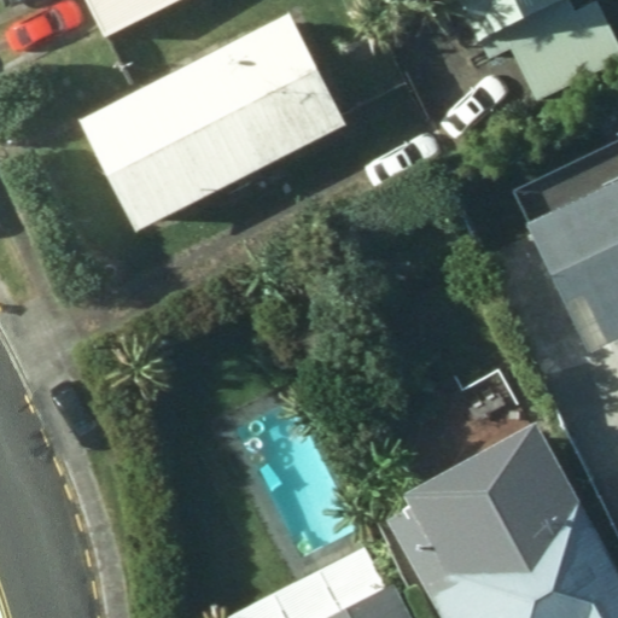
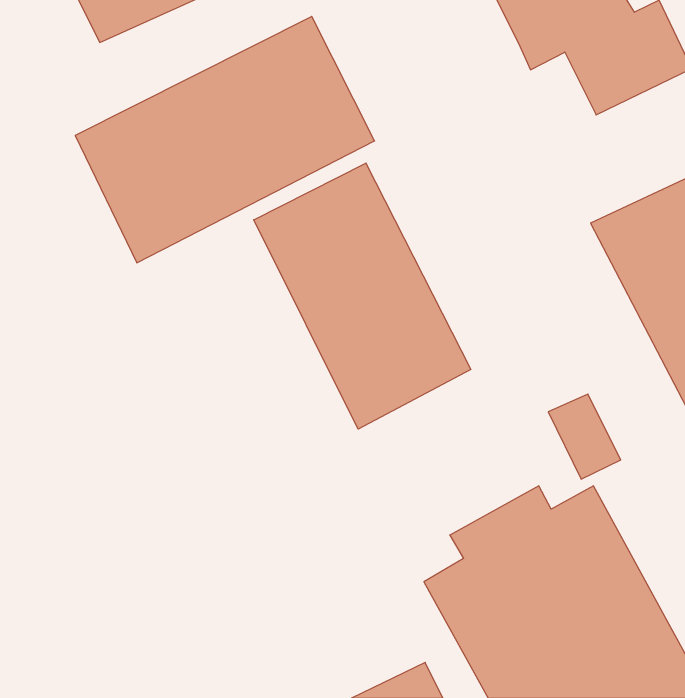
building: none -> [254,163,471,429]

